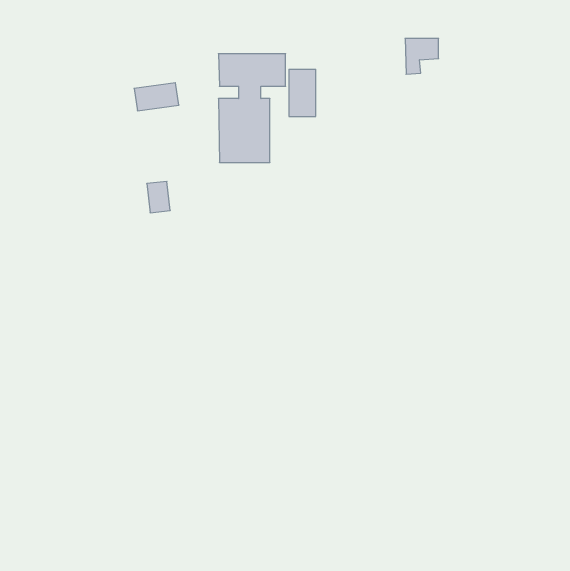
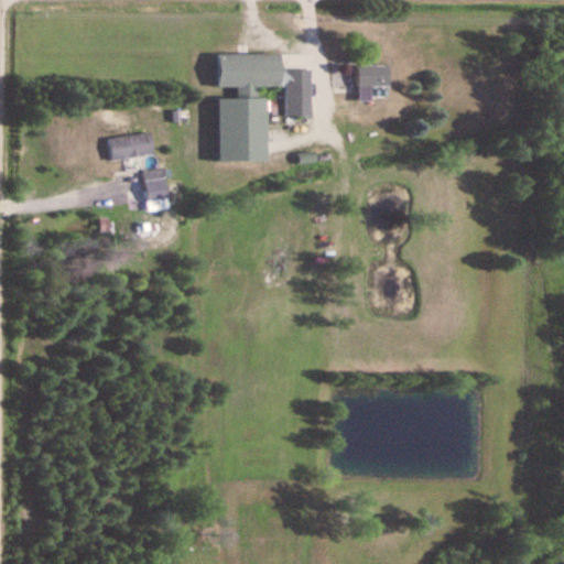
building: [405,38,439,74] -> [357,66,390,101]
building: [134,83,179,111] -> [110,132,154,160]

